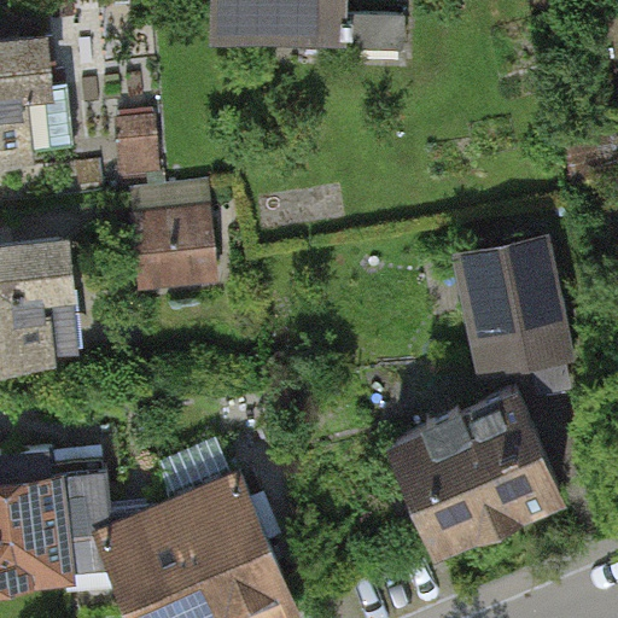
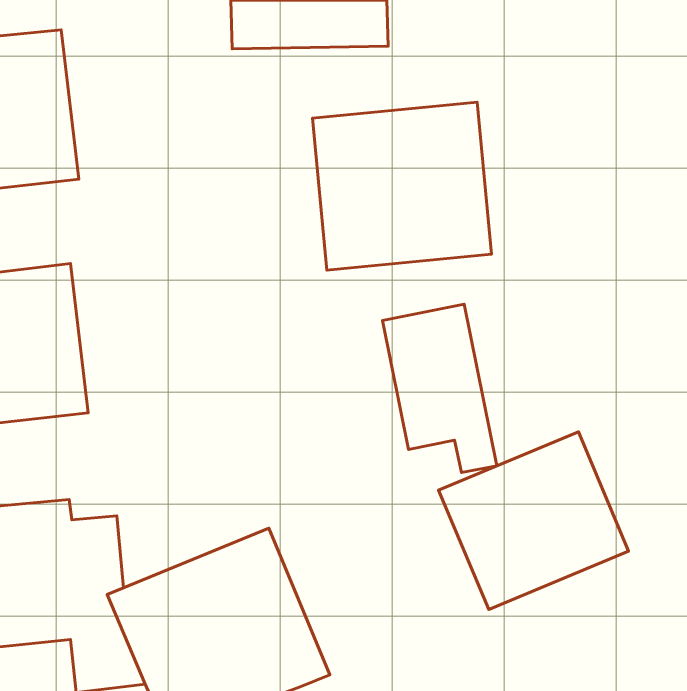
building: none -> [313,102,492,270]
building: [107,115,221,295] -> none
building: [466,234,567,384] -> [383,304,497,473]

